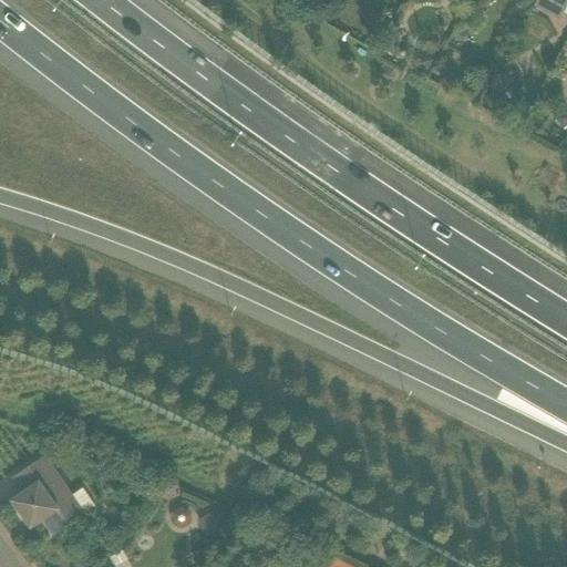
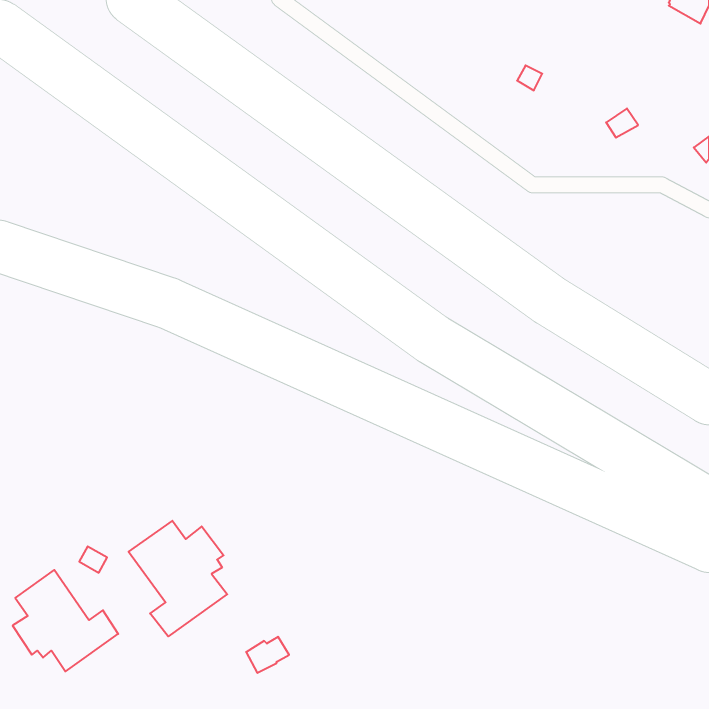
building: none -> [129,521,227,636]

